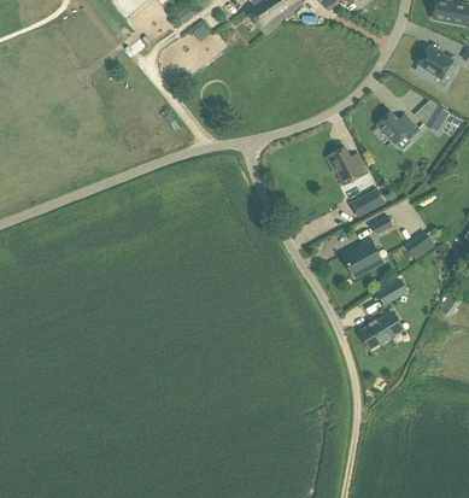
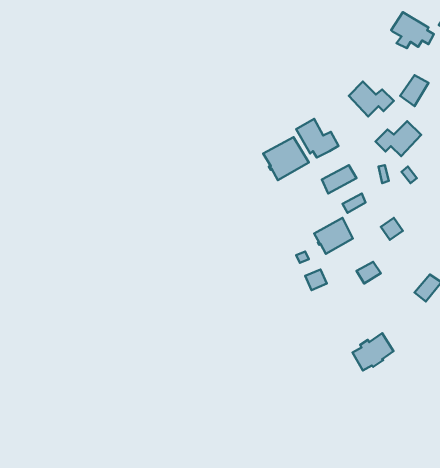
building: none -> [375,121,421,156]
building: none -> [263,137,309,180]
building: [360,312,399,347] -> [352,333,394,371]

